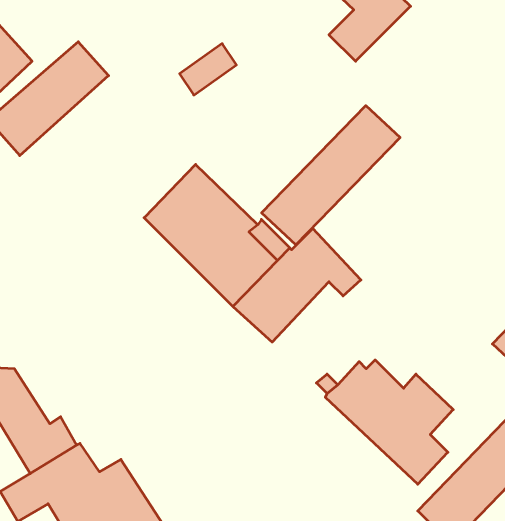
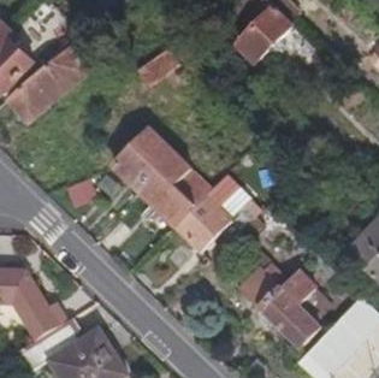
building: [262,106,400,245] -> none

